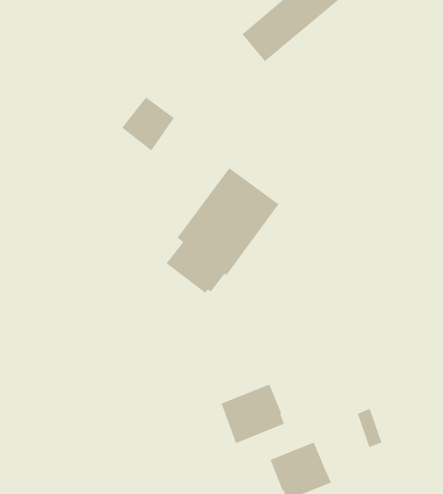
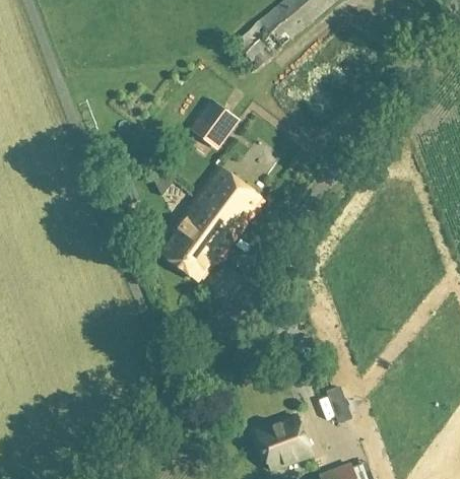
building: [121,97,175,151] -> [188,99,237,149]
building: [221,383,285,444] -> none

